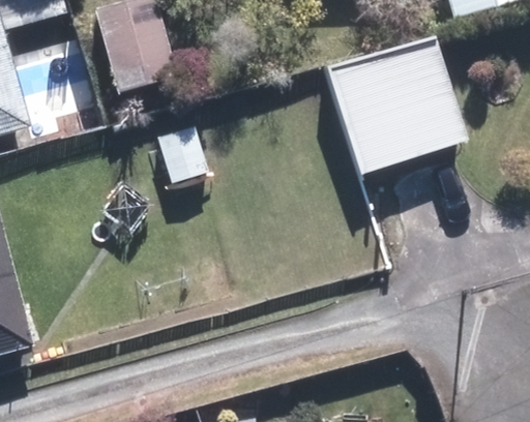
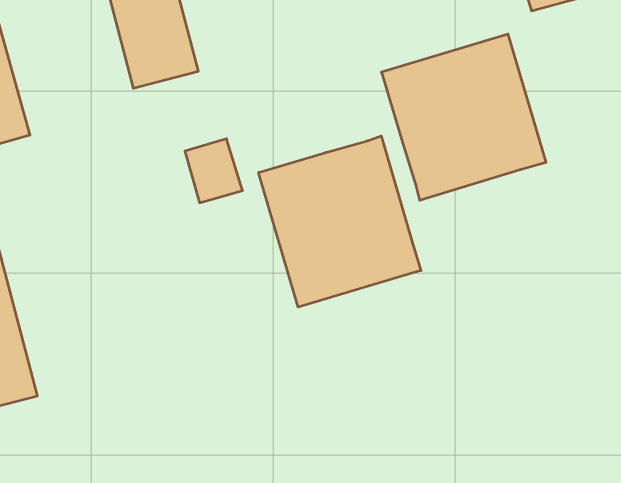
building: none -> [259,136,421,307]

